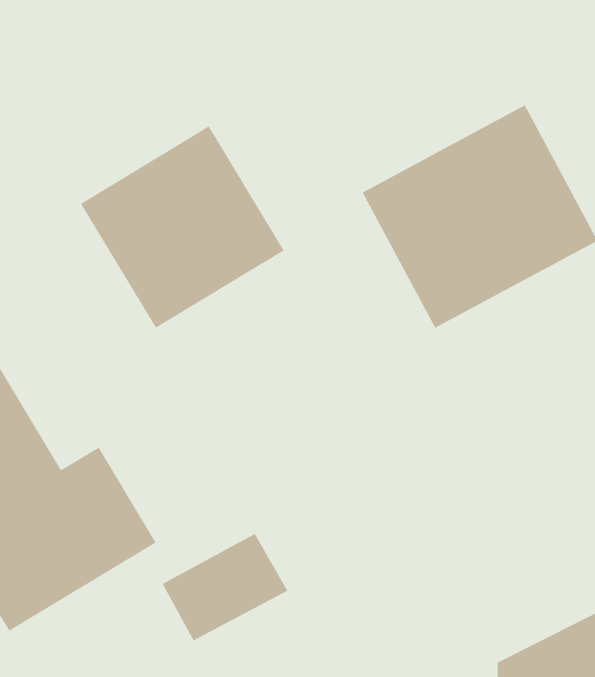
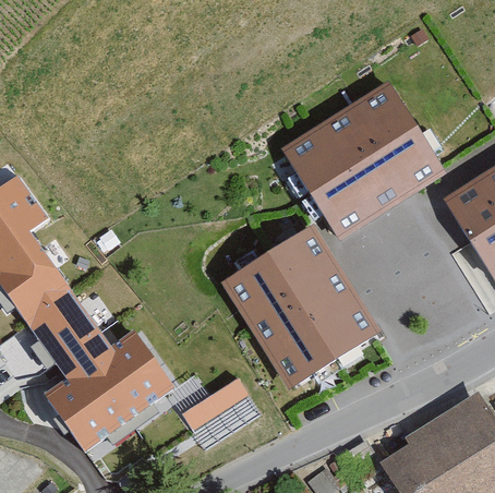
building: [80,126,284,328] -> none
building: none -> [227,230,374,382]

